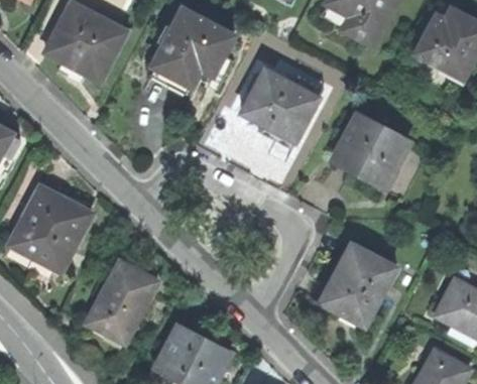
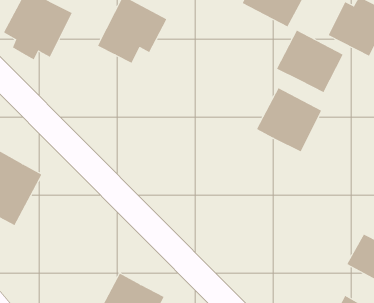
building: [241,68,318,139] -> [276,30,343,93]
building: [321,242,397,326] -> none
building: [86,259,157,342] -> none

